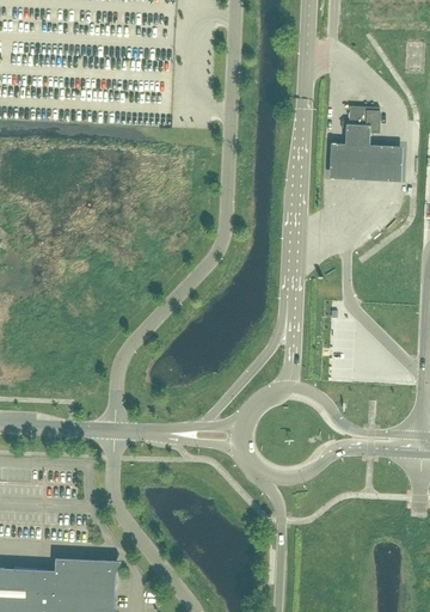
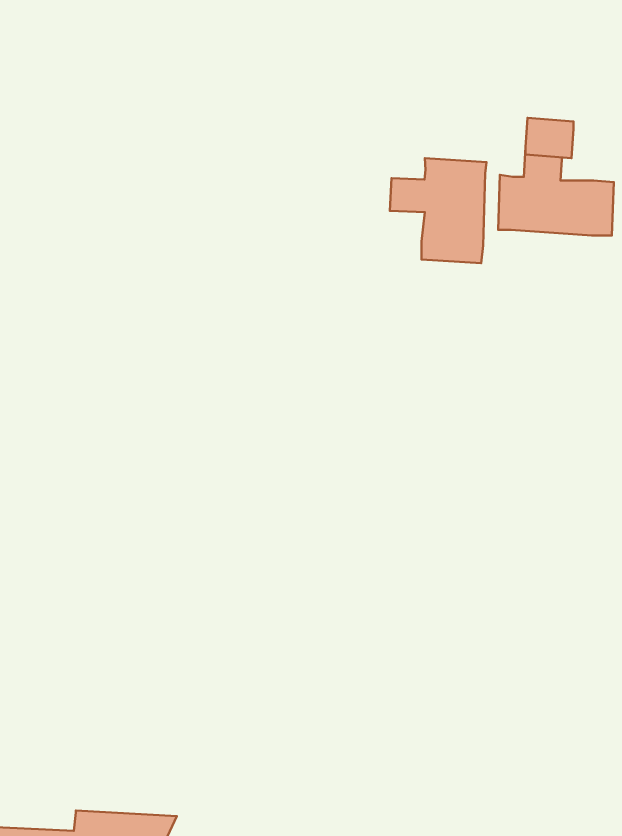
building: none -> [390,158,486,263]

